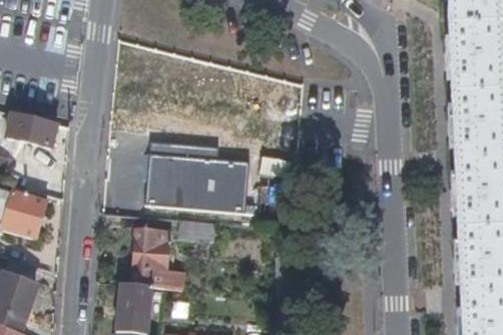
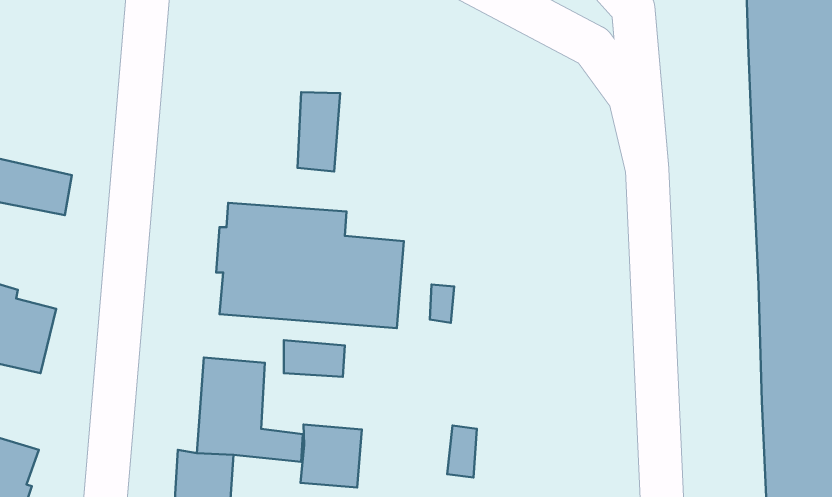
building: none -> [298,92,340,171]
building: none -> [301,424,362,487]

